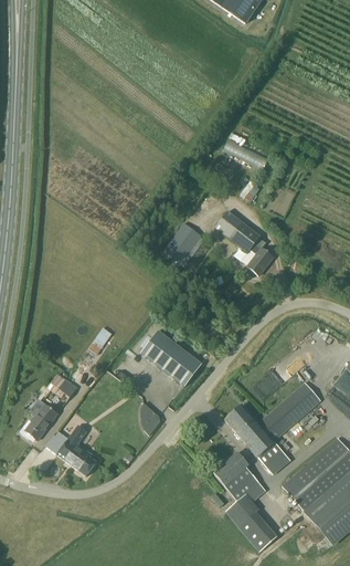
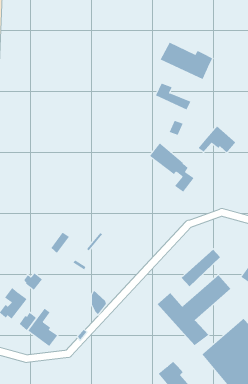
building: none -> [160,42,213,80]
building: none -> [198,126,236,153]
building: [163,222,202,264] -> none
building: [141,331,203,387] -> none
building: [213,451,266,501] -> none

